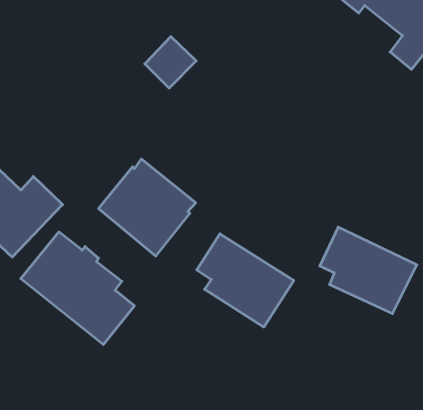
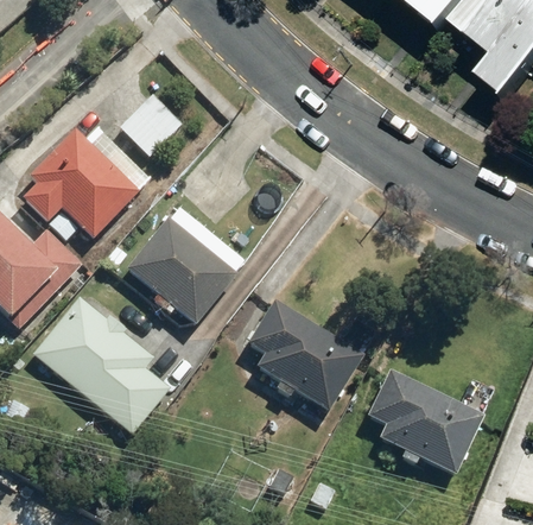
building: [145,37,196,88] -> [118,93,180,156]
building: none -> [21,126,148,239]
building: [320,227,417,314] -> [366,368,484,474]

